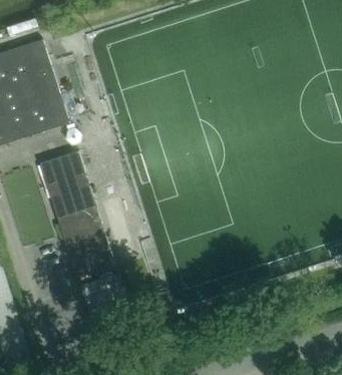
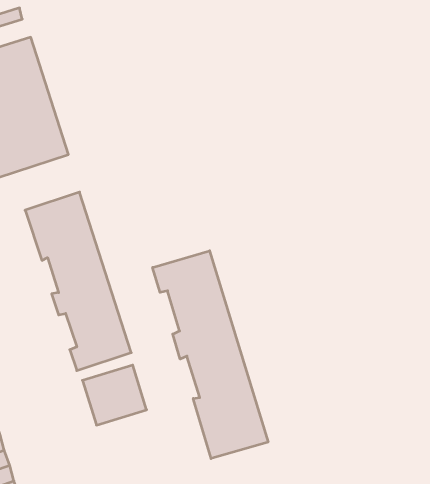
building: none -> [153,251,268,459]

